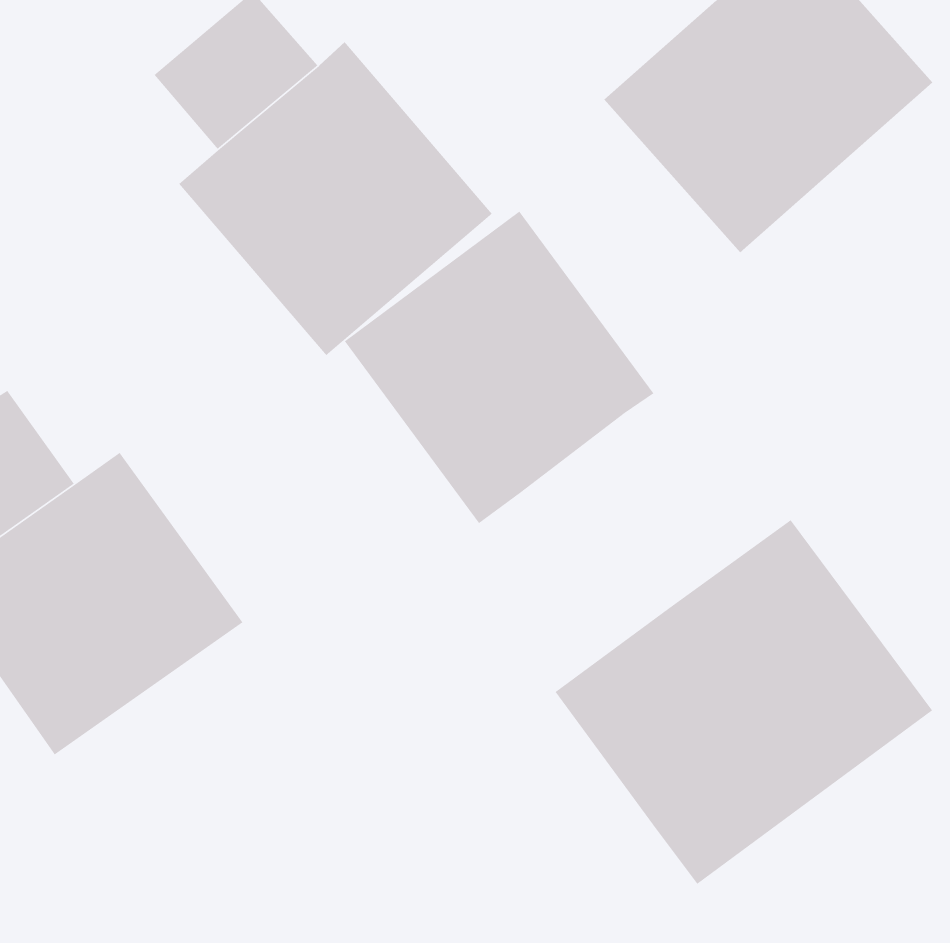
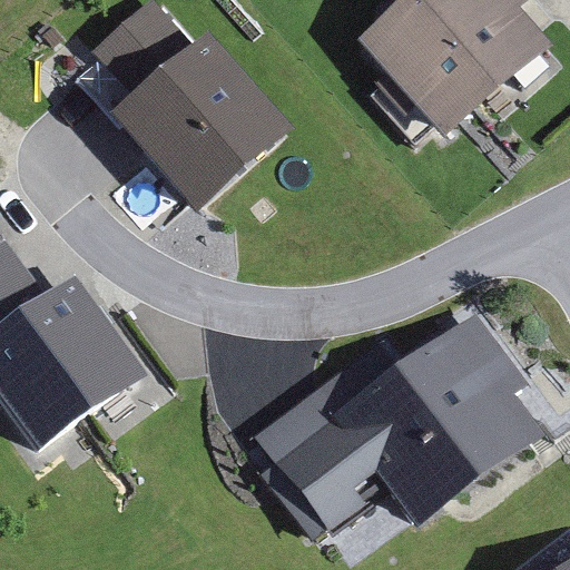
building: [344,210,655,524] -> none
building: none -> [250,336,397,534]

